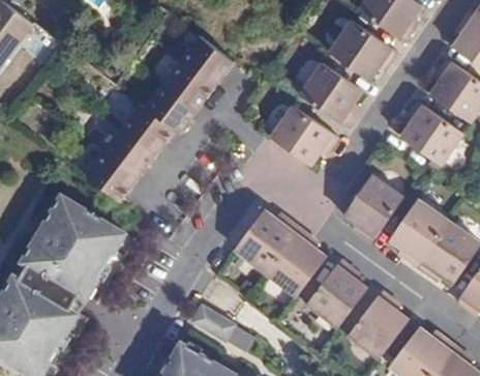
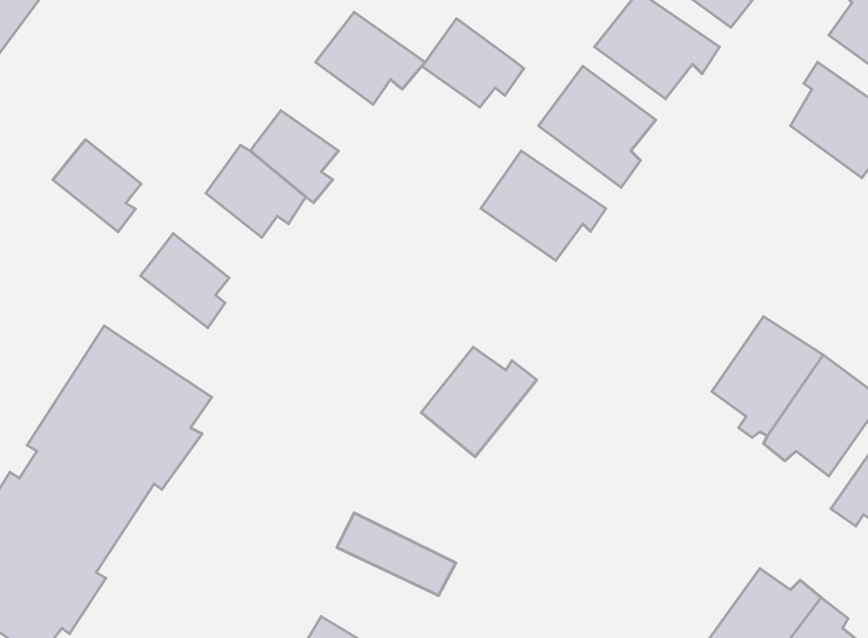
building: [160,58,215,106] -> [422,18,524,107]
building: [404,99,467,162] -> none
building: [102,128,150,178] -> [53,139,141,232]
building: [348,173,406,238] -> none
building: [265,229,324,293] -> none
building: [305,260,365,327] -> none
building: [346,291,407,358] -> none

